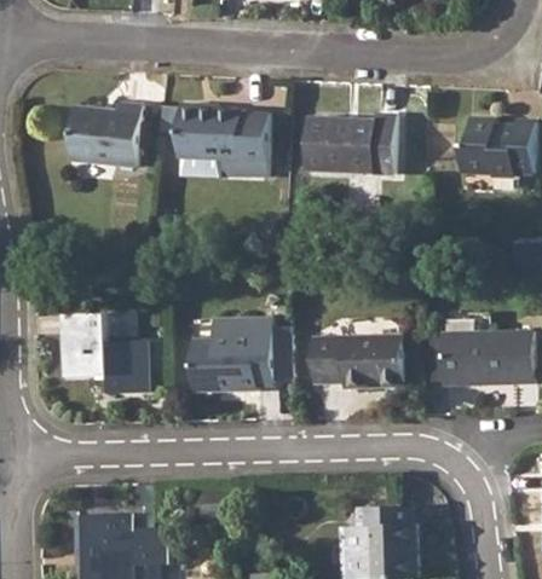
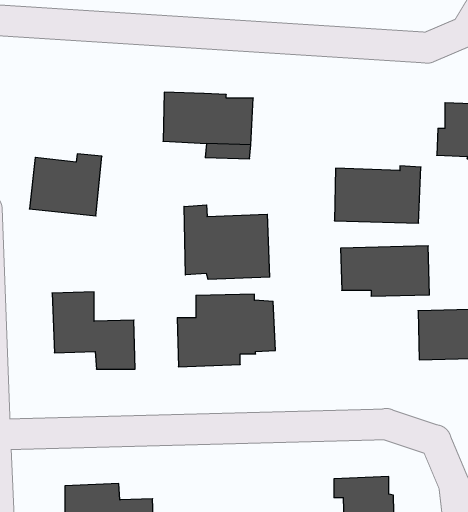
building: [68,103,143,167] -> [29,154,102,216]
building: [306,115,396,174] -> [334,166,421,223]
building: none -> [184,205,270,279]
building: [312,335,404,387] -> [341,246,429,296]

